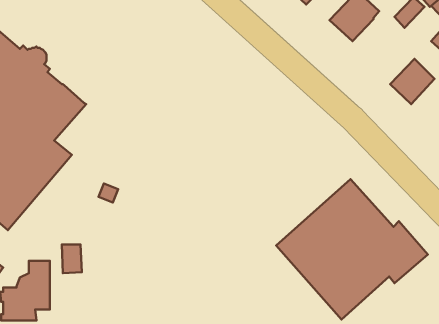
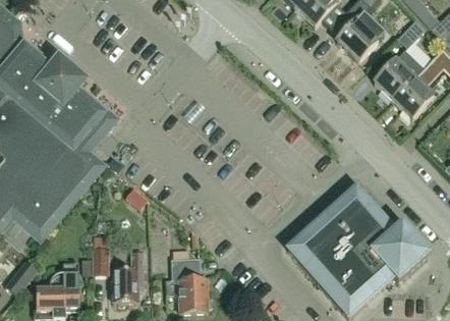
building: none -> [374,48,423,98]
building: none -> [113,251,144,303]
building: none -> [167,257,212,311]

